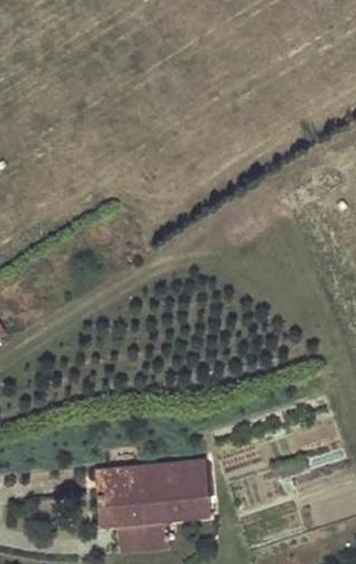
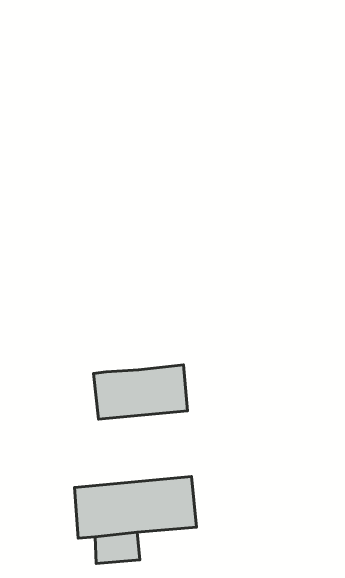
building: none -> [93,365,188,419]

